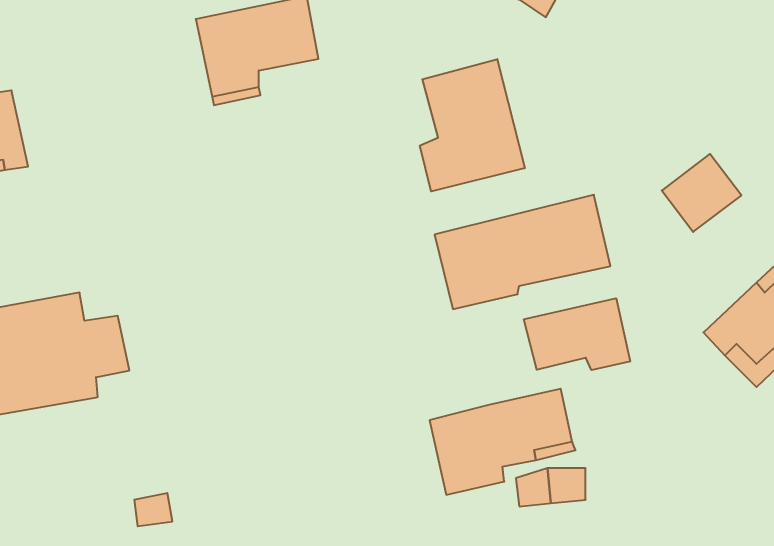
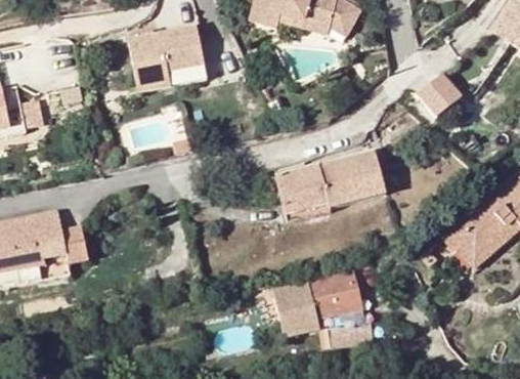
building: [420,59,525,191] -> none
building: [662,154,741,232] -> [411,71,461,119]
building: [524,298,630,370] -> none

